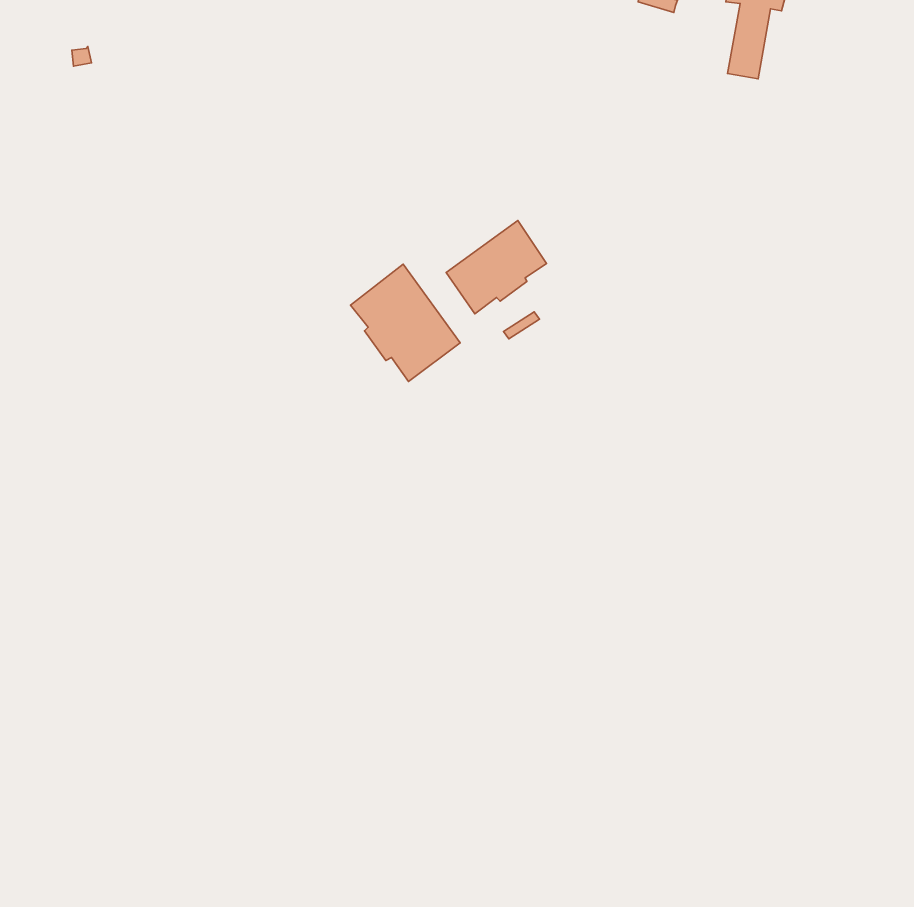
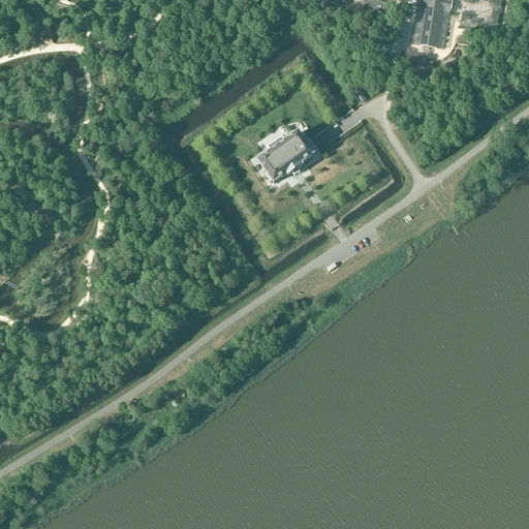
building: [351,264,460,382] -> none

